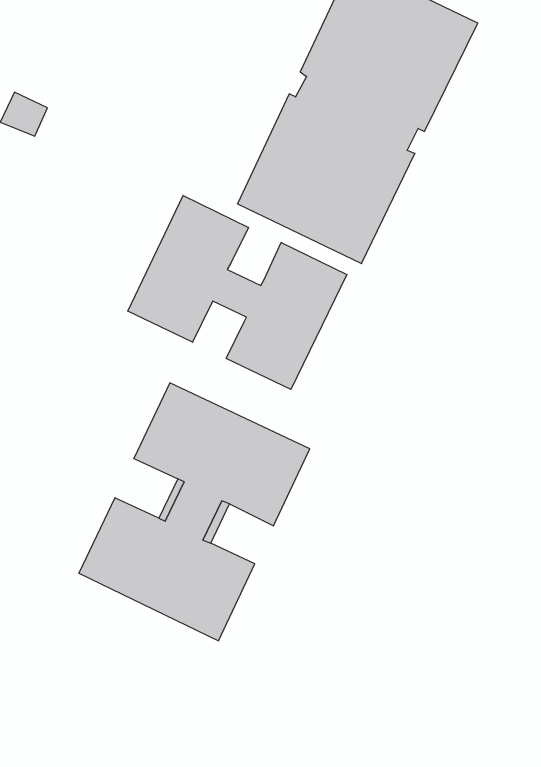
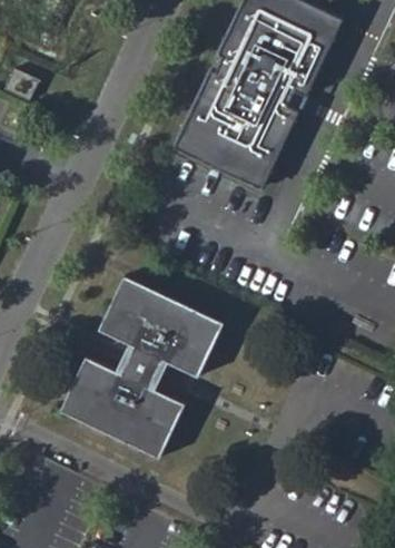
building: [128,195,347,389] -> none

